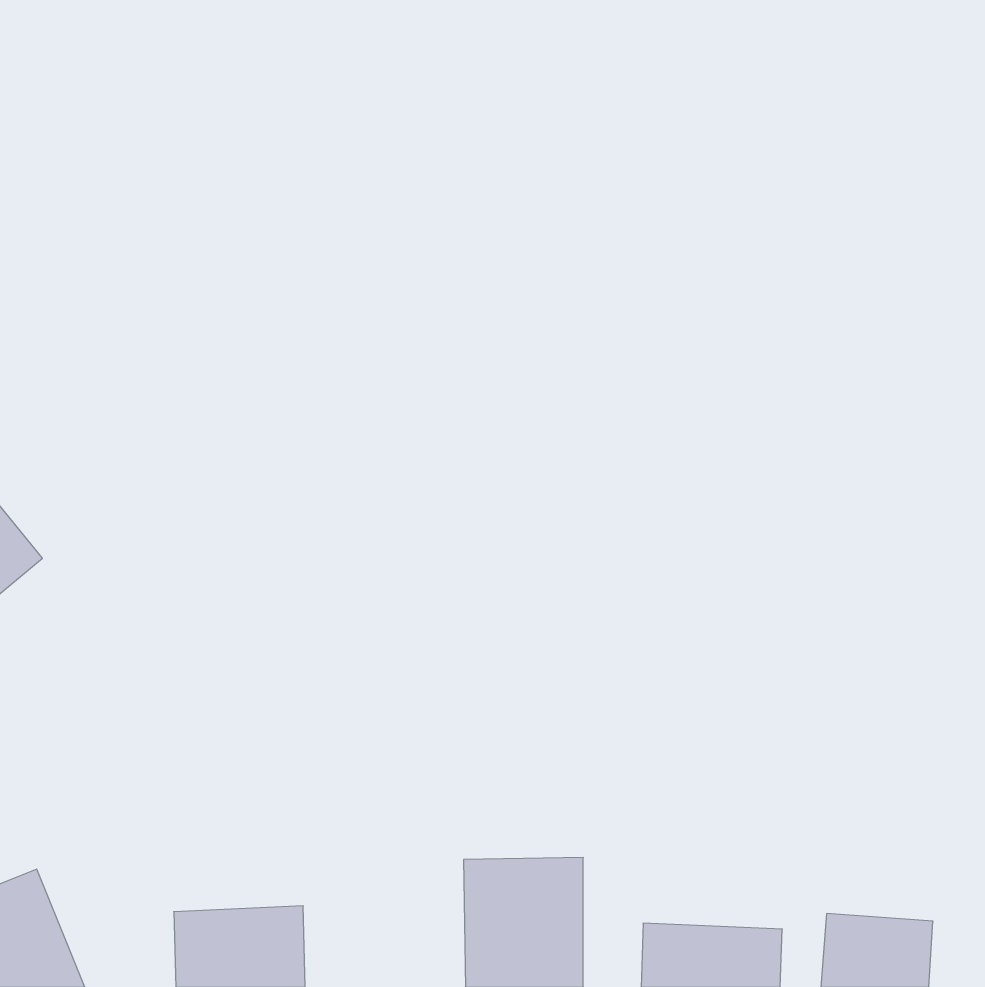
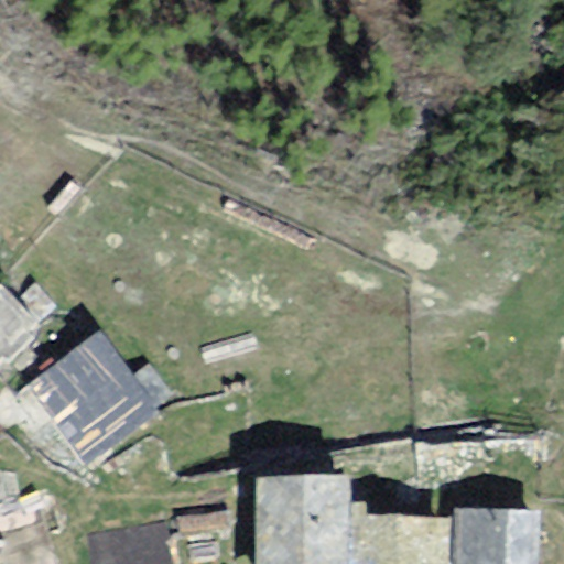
building: none -> [25,339,147,462]

